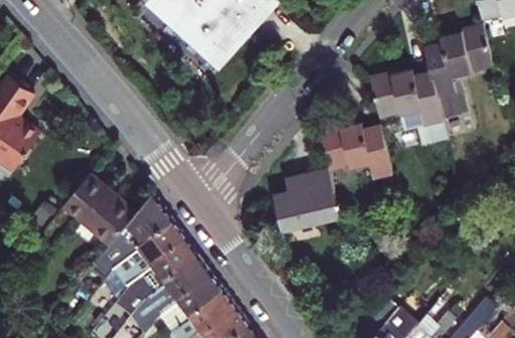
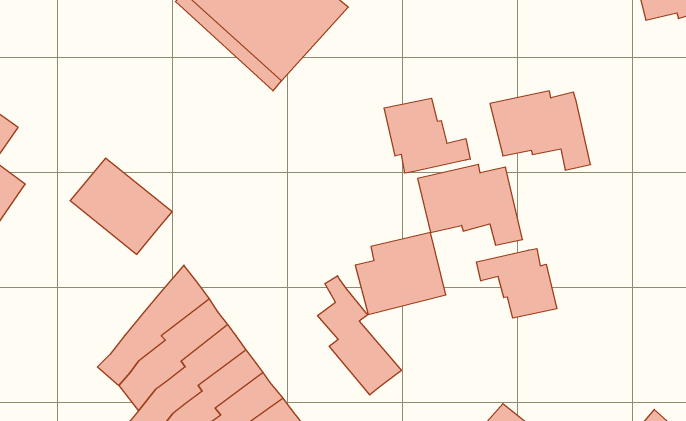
building: [423,27,491,119] -> none
building: none -> [384,98,470,173]
building: [62,176,135,244] -> [70,158,172,254]
building: none -> [476,249,557,318]
building: none -> [318,276,401,395]

